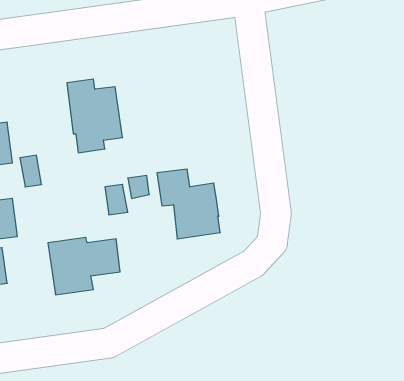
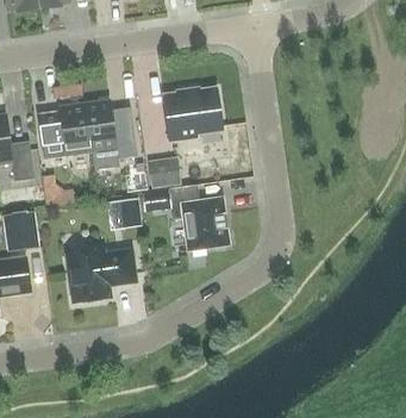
building: none -> [163,87,223,139]
building: none -> [38,102,90,156]
building: none -> [148,156,181,188]

